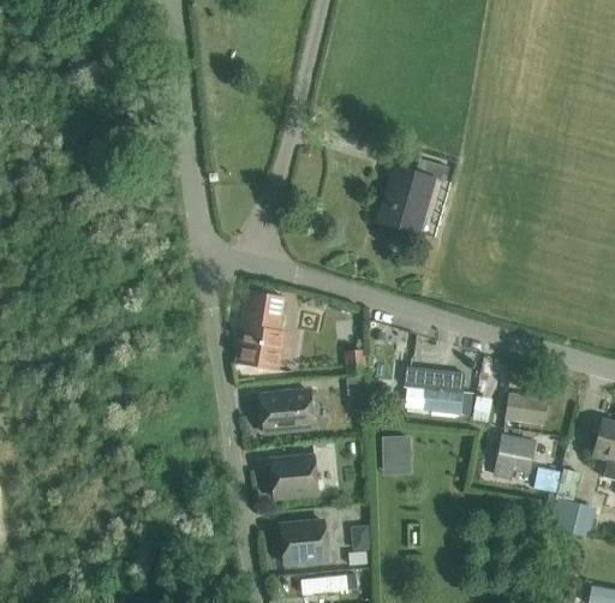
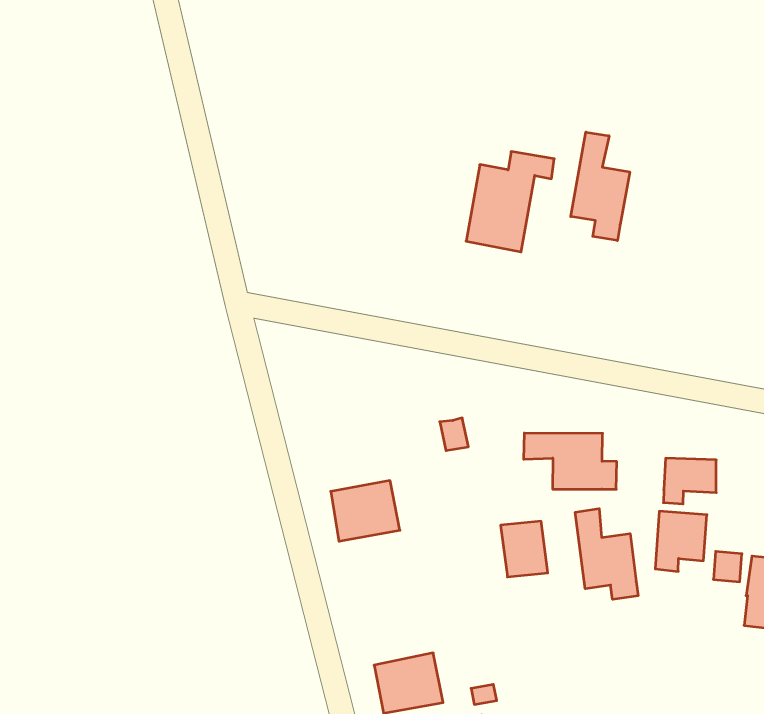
building: none -> [571,132,630,241]
building: [234,292,283,370] -> none
building: none -> [575,509,638,599]
building: [269,456,317,497] -> none

